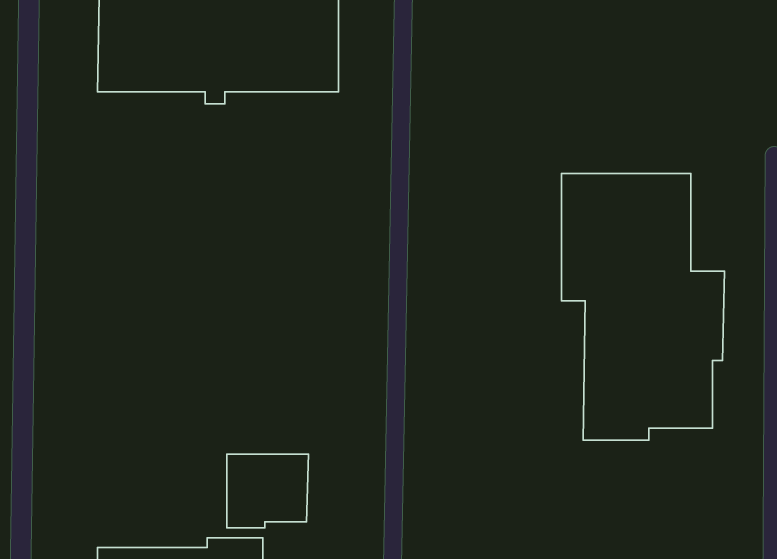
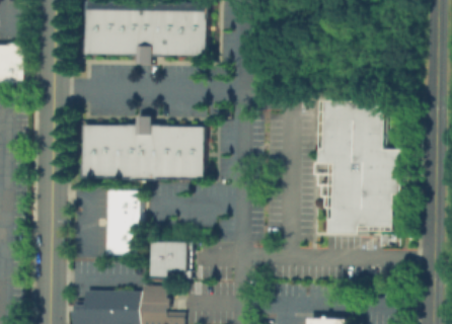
building: none -> [81,115,203,180]
building: none -> [106,193,139,254]

